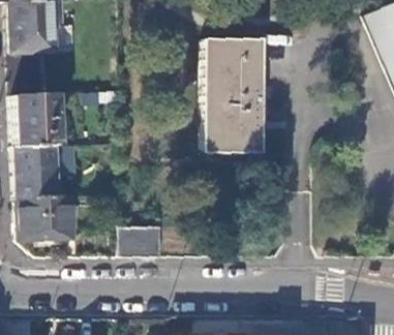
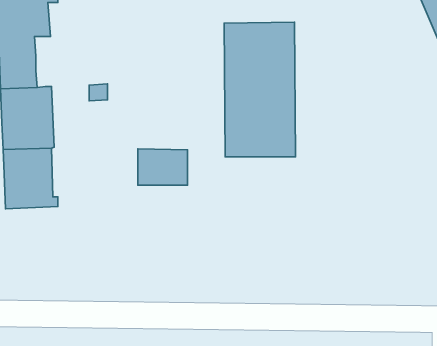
building: [16,195,72,240] -> none
building: [120,225,162,256] -> [138,149,188,185]

